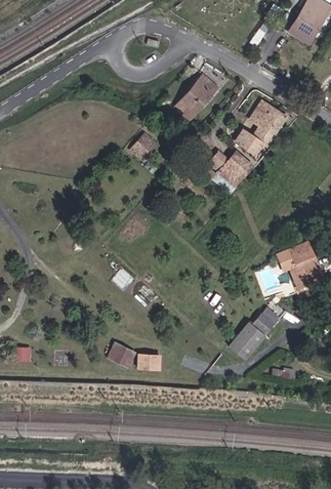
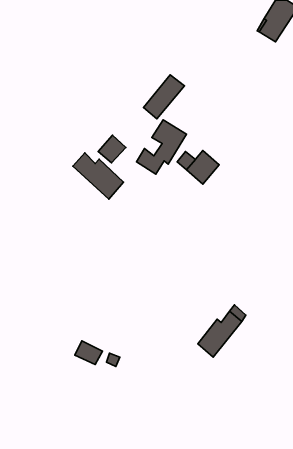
building: [235,100,285,155] -> [136,120,187,174]
building: none -> [73,153,124,199]
building: [288,242,321,290] -> none

